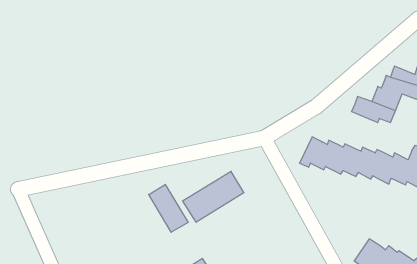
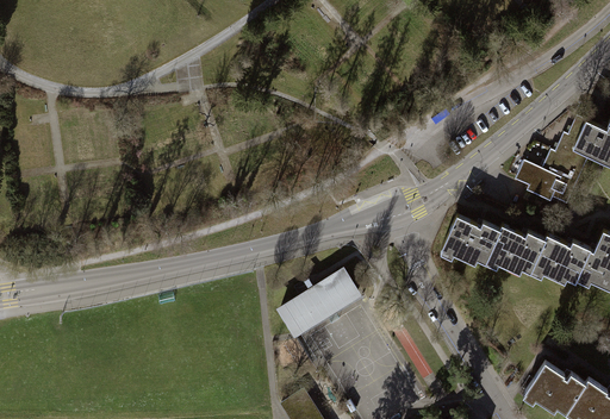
building: [149,184,188,232] -> none

